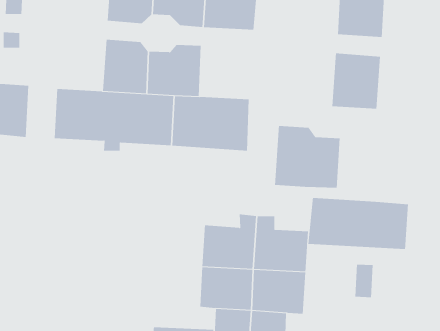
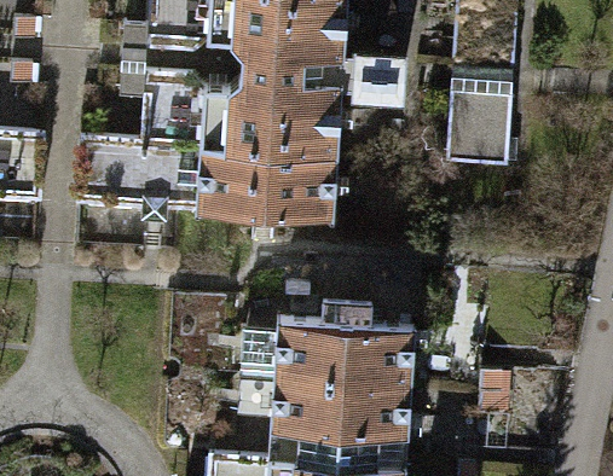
building: none -> [270,83,341,155]
building: [274,125,340,189] -> none
building: [308,197,408,250] -> none

